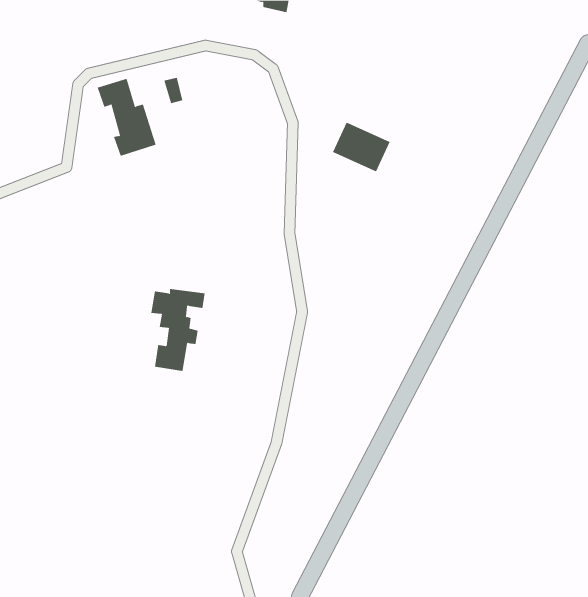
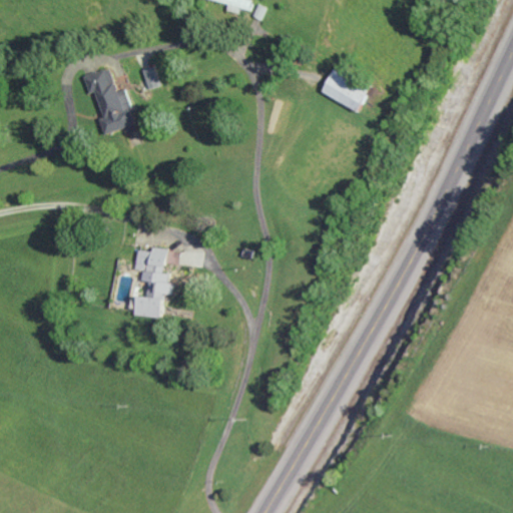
building: [332,122,390,172] -> [320,67,370,110]

